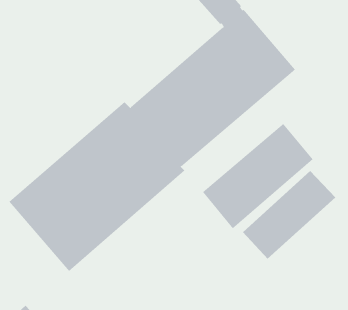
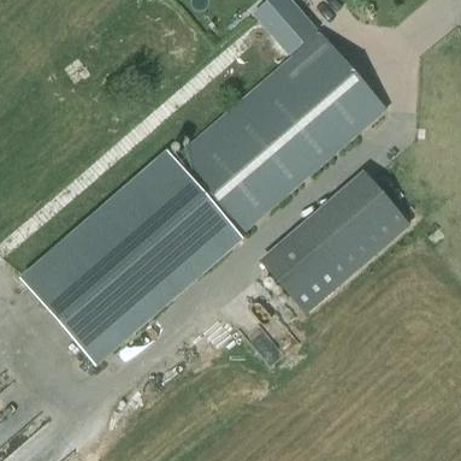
building: [242,170,336,259] -> none

